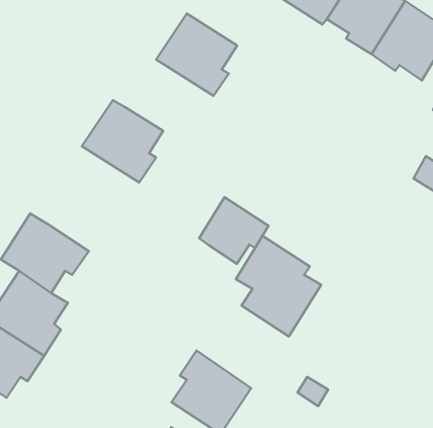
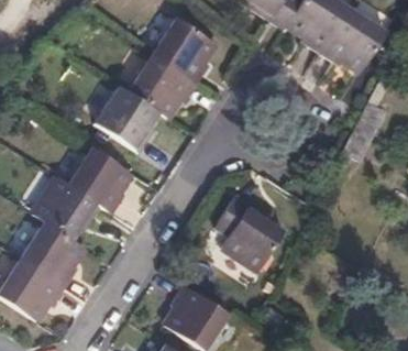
building: none -> [129,55,198,118]
building: none -> [68,146,132,215]
building: [199,197,269,264] -> none

